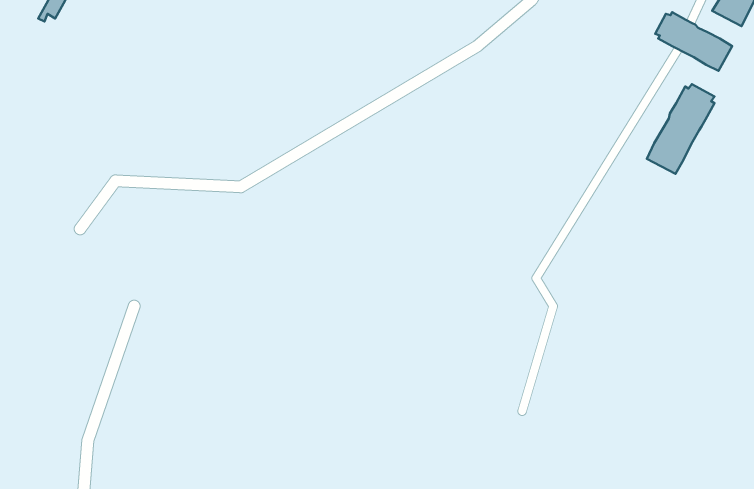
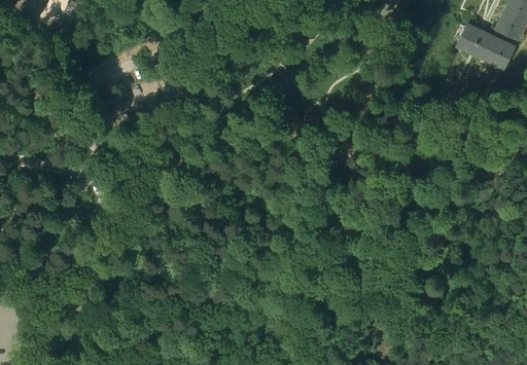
building: [647,84,715,174] -> none

